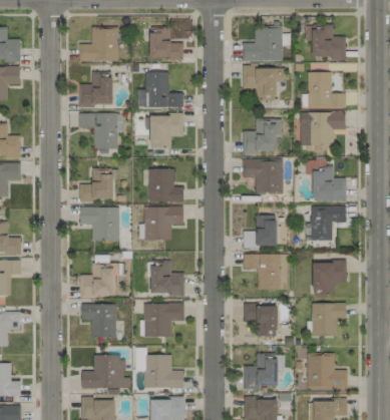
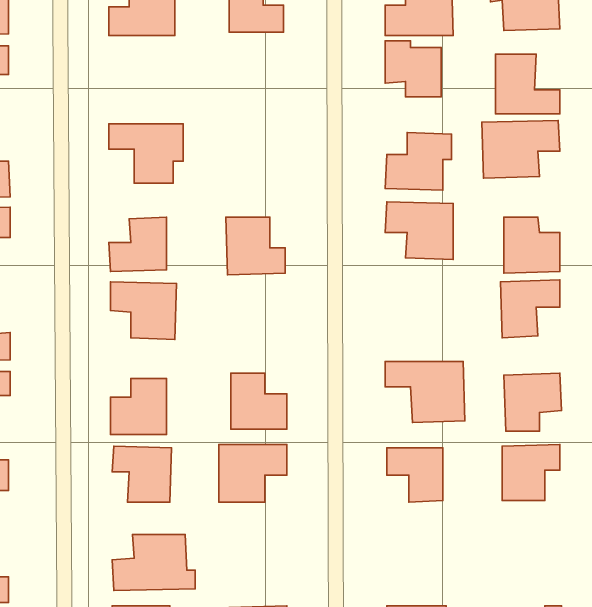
building: [137,71,183,107] -> none
building: [79,74,113,105] -> none
building: [149,114,183,147] -> none
building: [144,206,183,240] -> none
building: [244,215,277,247] -> none
building: [244,354,277,388] -> none
building: [306,354,348,389] -> none
building: [144,355,183,388] -> none

